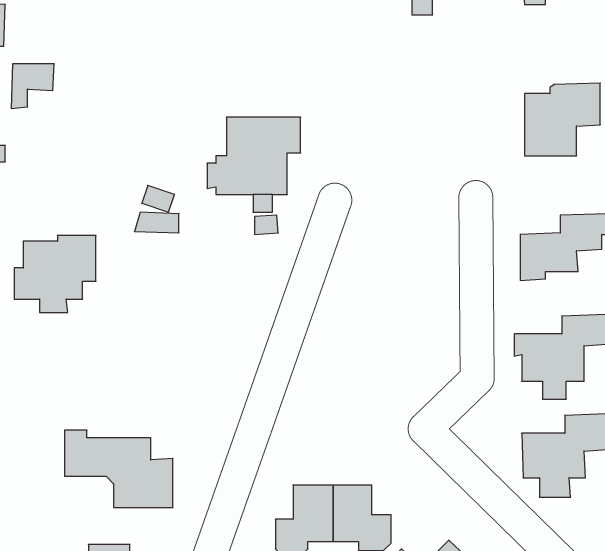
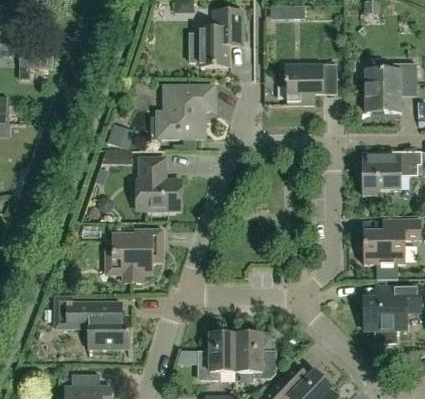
building: none -> [192,10,242,65]
building: none -> [283,63,337,104]
building: none -> [136,157,180,209]
building: [14,235,96,312] -> [106,229,161,281]

